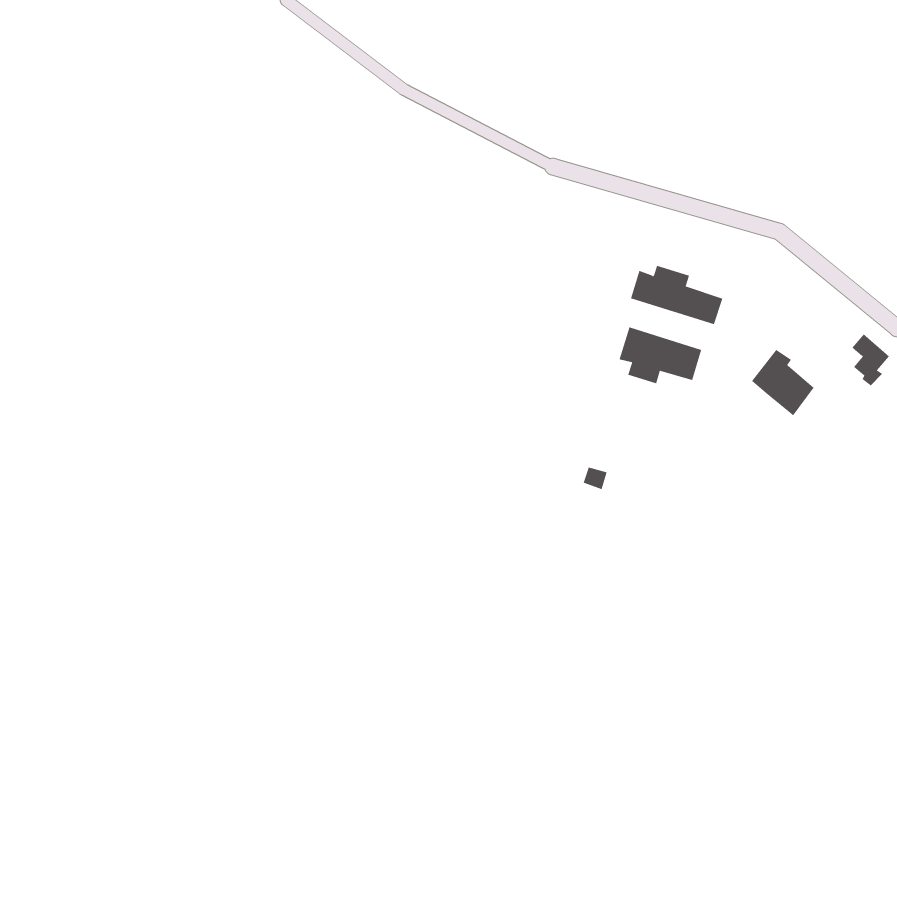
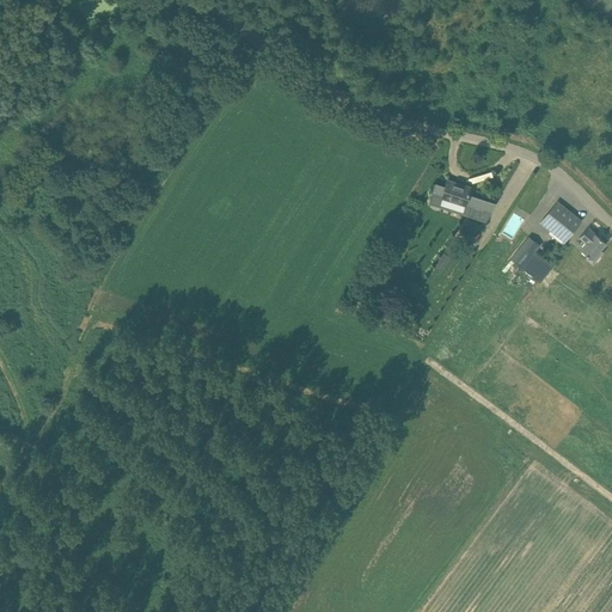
building: none -> [540,201,581,241]
building: [619,327,702,384] -> none

